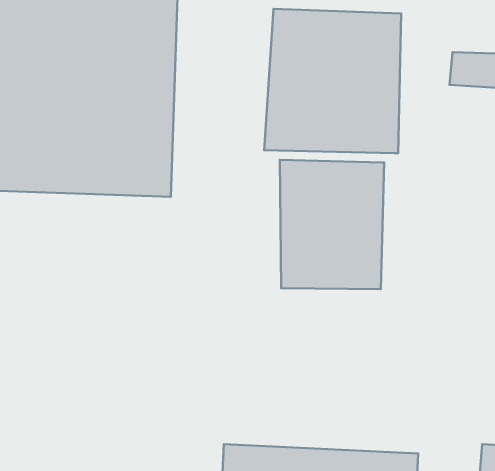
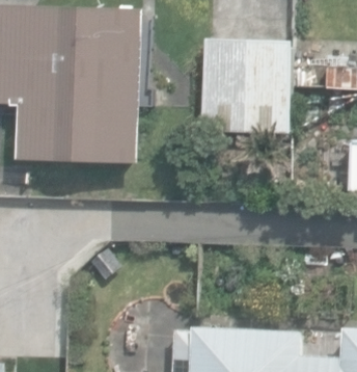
building: [280,160,384,289] -> none

